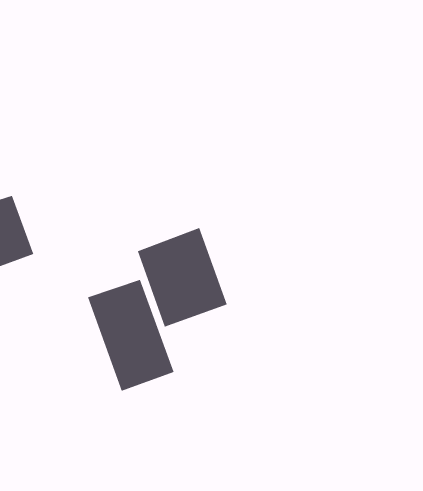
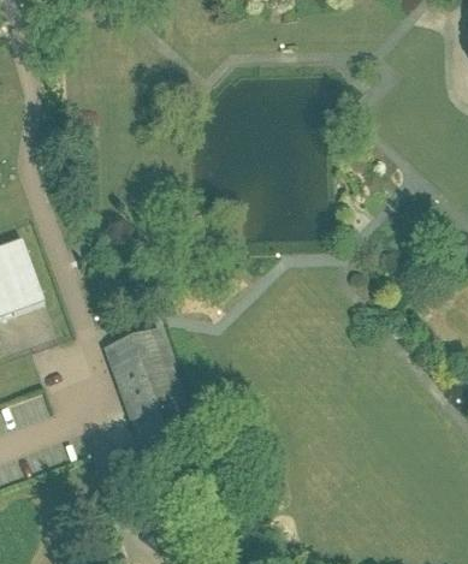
building: [137,227,227,328] -> none

